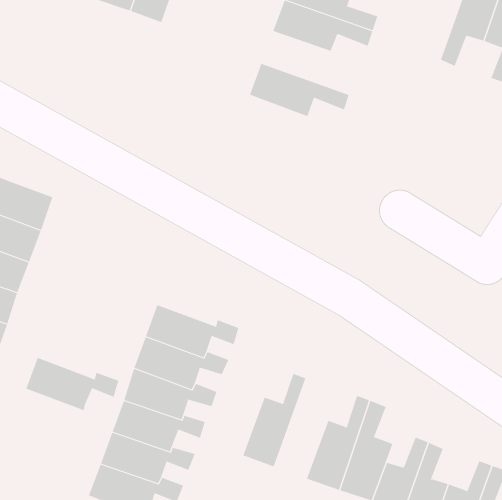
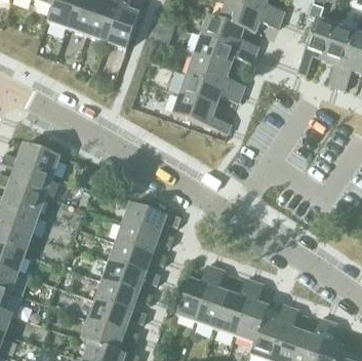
building: none -> [187,53,244,92]
building: none -> [172,92,231,131]
building: [25,357,119,411] -> [123,201,180,234]
building: none -> [195,266,228,327]

